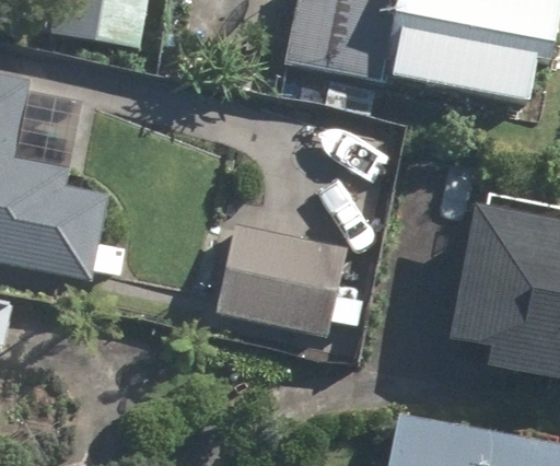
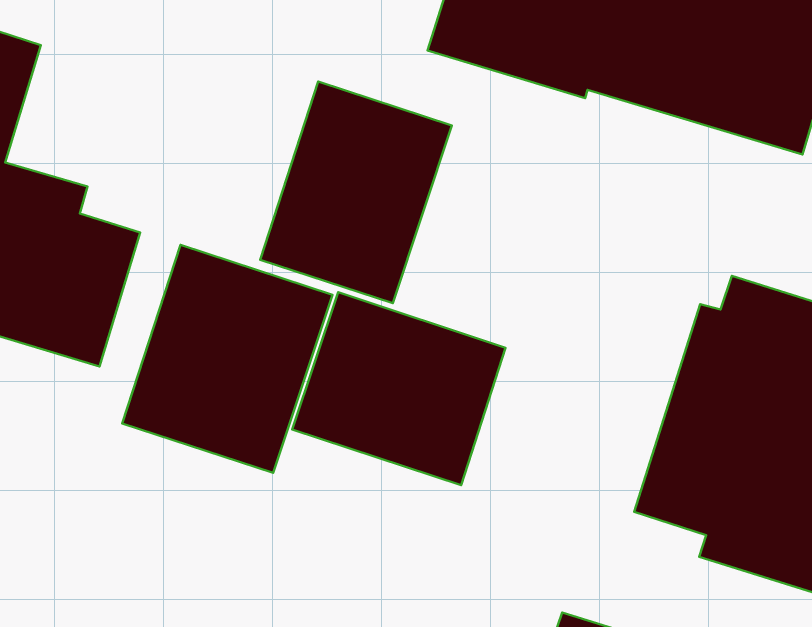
building: none -> [260,82,452,303]
building: none -> [122,245,332,473]

